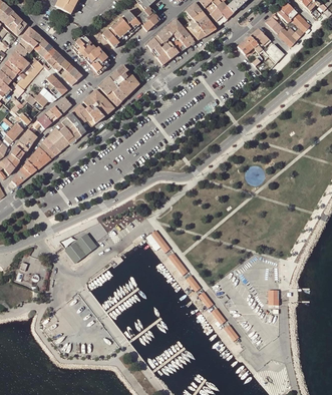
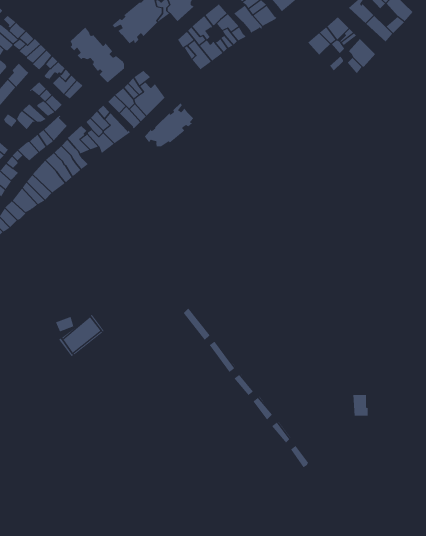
building: none -> [144,103,194,147]

